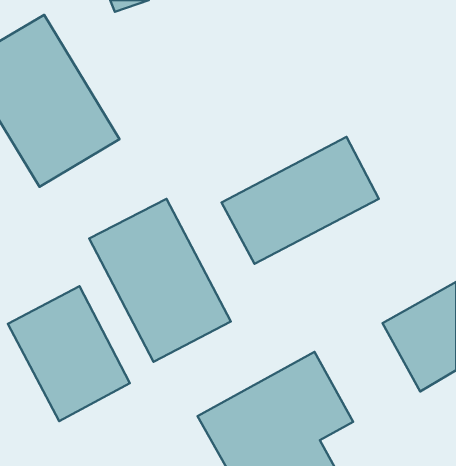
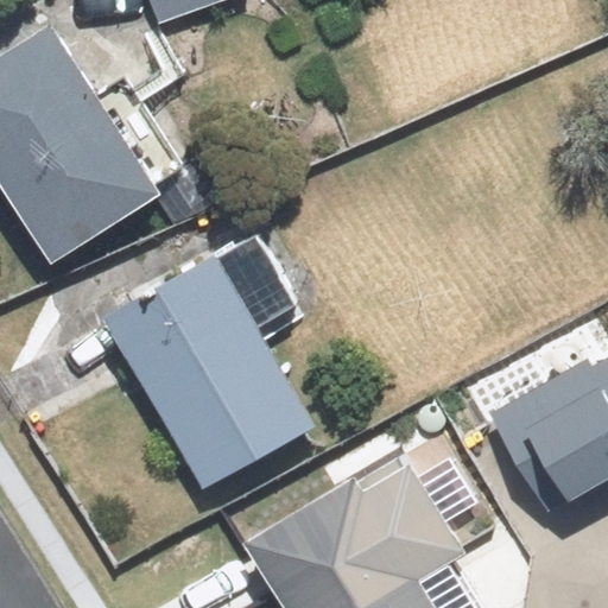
building: [222,137,379,264] -> none
building: [8,286,130,421] -> none

